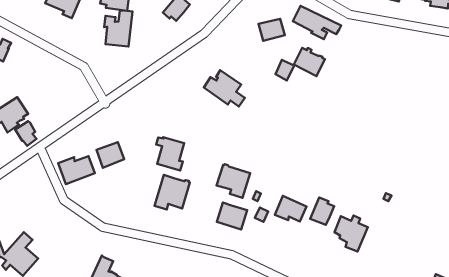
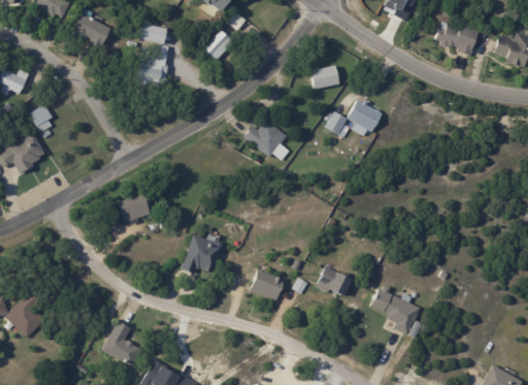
building: [293,6,341,39] -> none
building: [15,121,37,146] -> [29,105,53,133]
building: [156,137,184,170] -> none
building: [58,156,95,184] -> none
building: [216,164,250,198] -> none
building: [310,198,334,225] -> none

